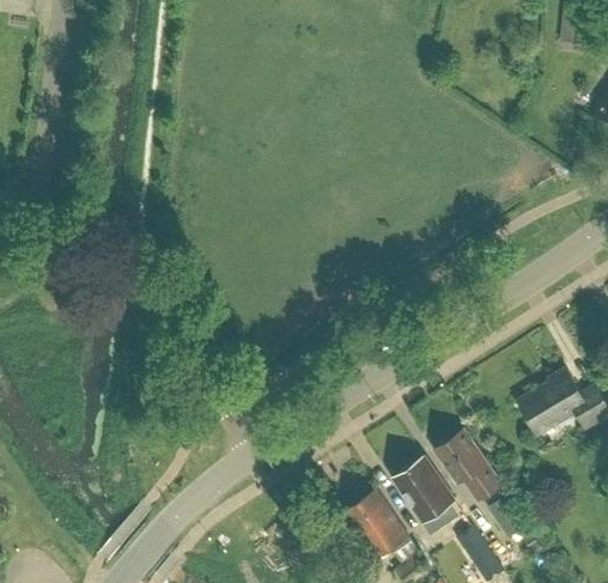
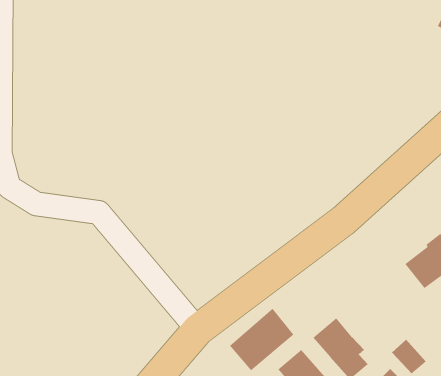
building: [436,430,498,496] -> none
building: none -> [229,308,294,371]

